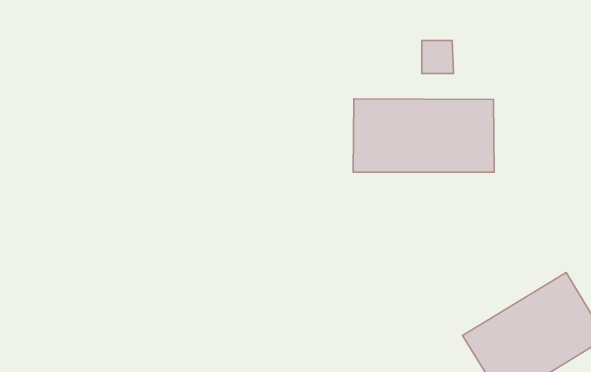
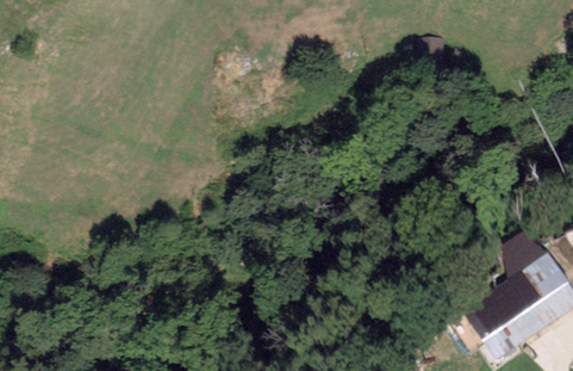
building: [353,99,494,172] -> none

